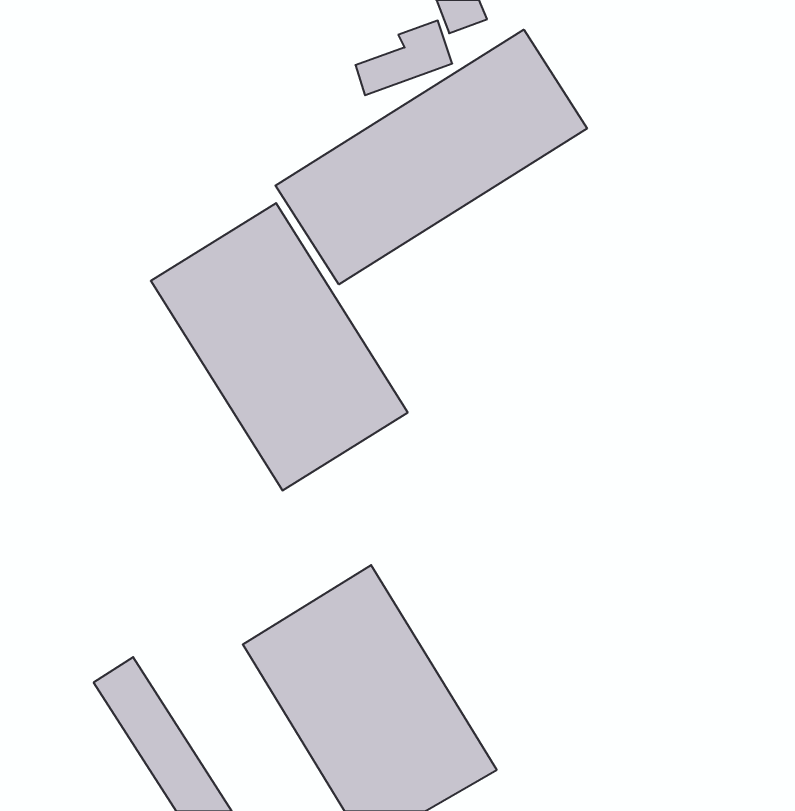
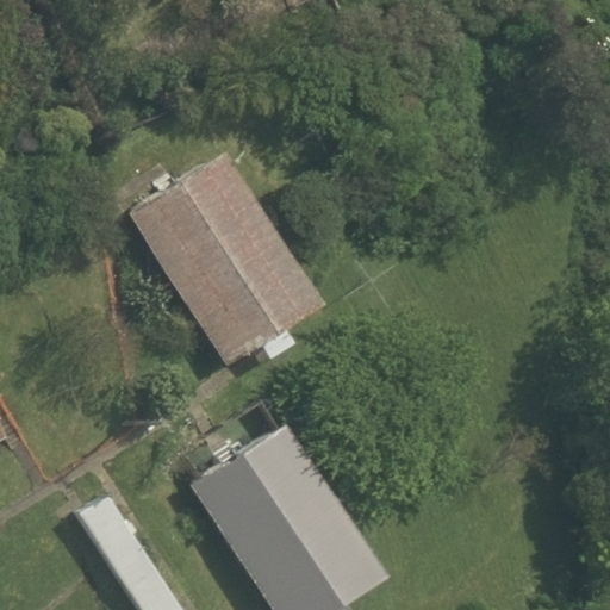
building: [275,30,587,284] -> none

